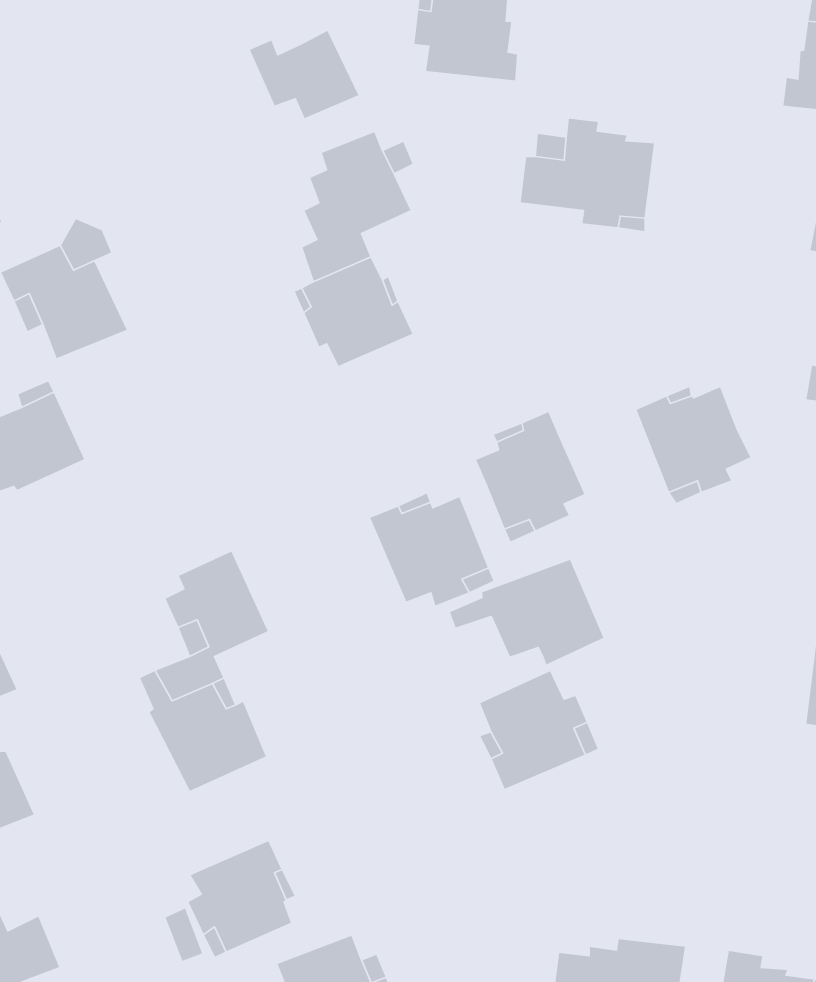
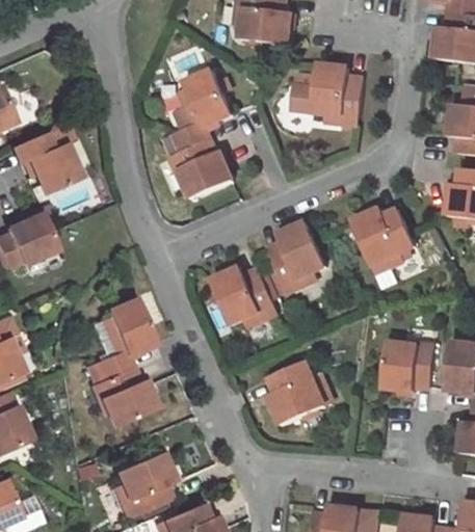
building: [249,30,360,119] -> none
building: [449,559,604,665] -> none
building: none -> [381,340,436,391]

